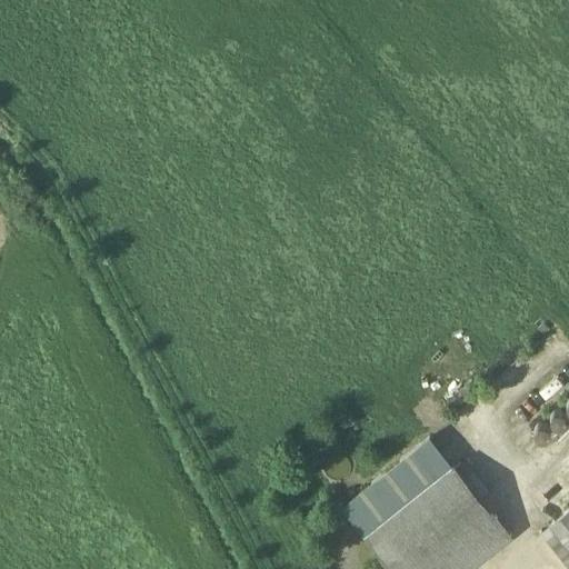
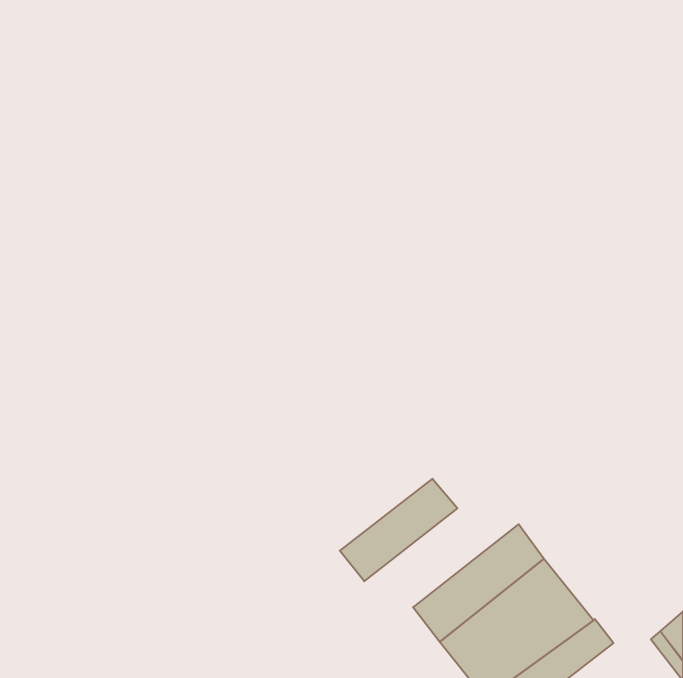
building: none -> [340,479,457,581]

